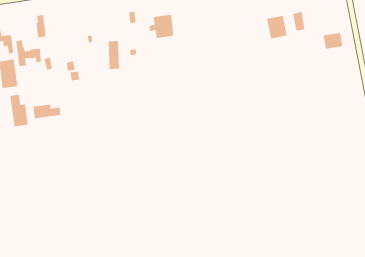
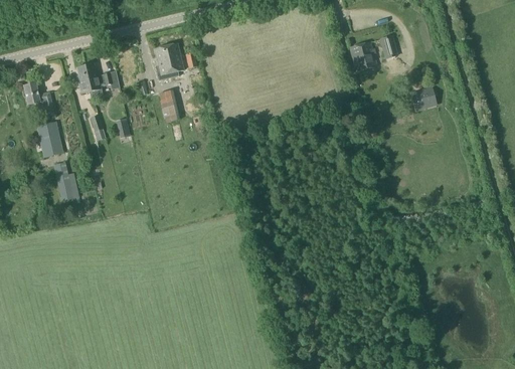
building: [149,14,174,38] -> [151,44,182,74]
building: [323,33,343,49] -> [410,87,436,109]
building: [15,40,42,67] -> [85,63,119,96]
building: [33,104,61,119] -> none

